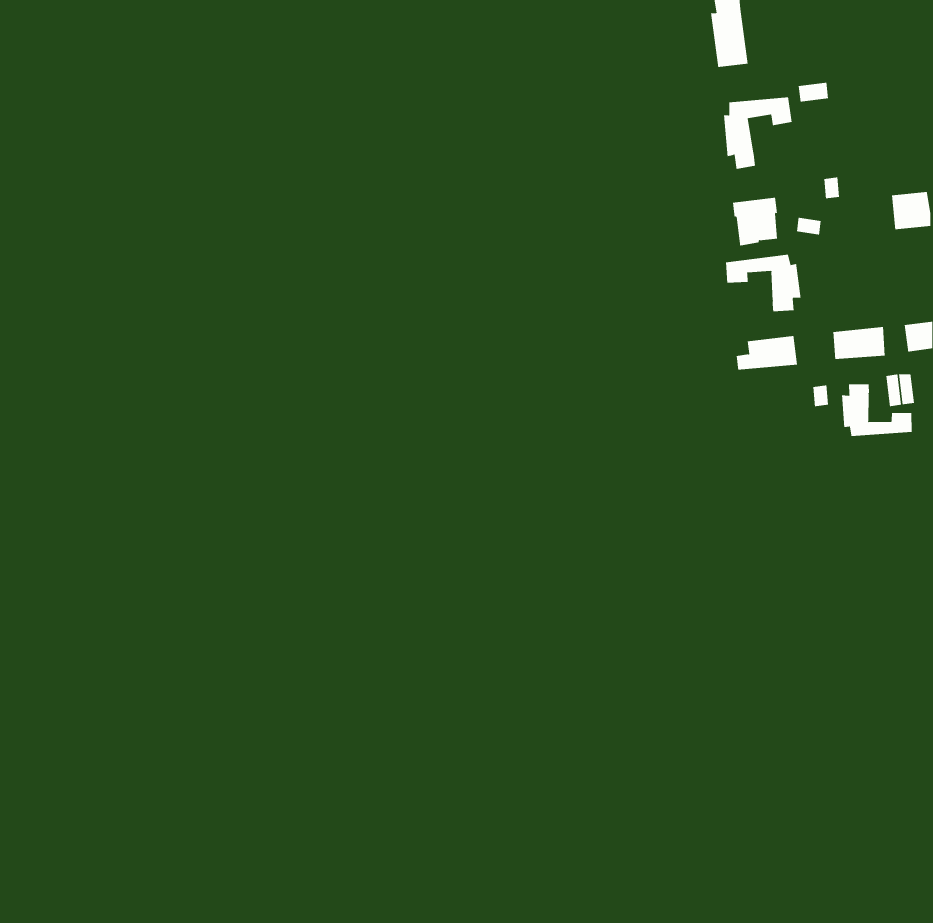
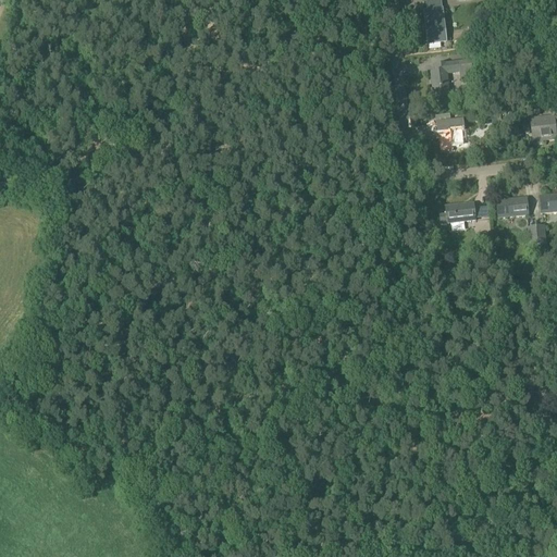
building: [725,254,801,312] -> none
building: [841,383,912,437] -> none

